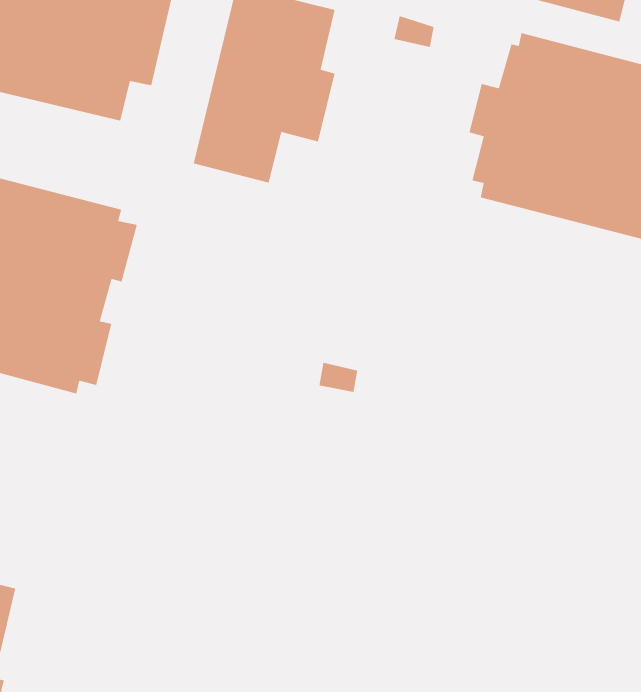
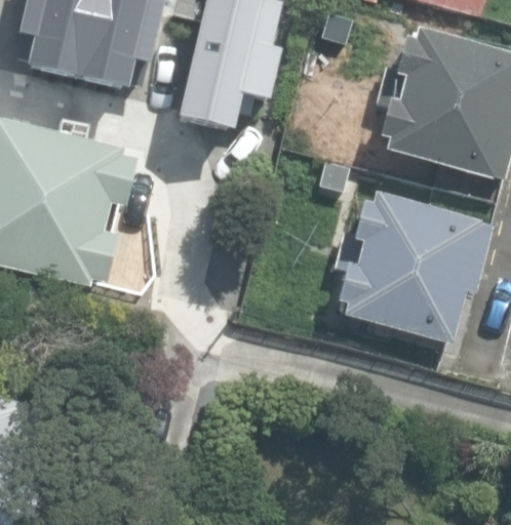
building: none -> [335,188,494,337]

